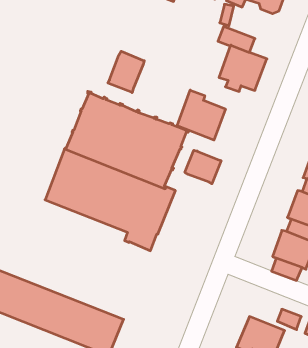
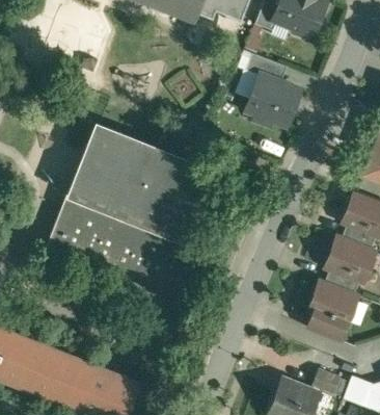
building: [108,51,144,93] -> none
building: [177,90,225,140] -> none
building: [185,150,221,184] -> none

